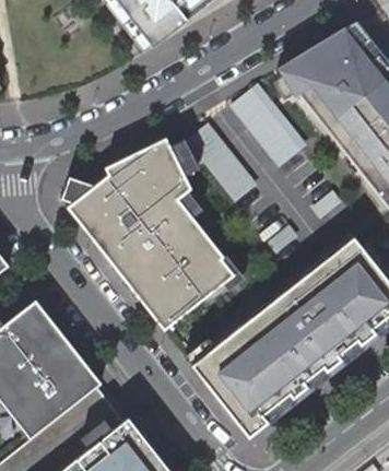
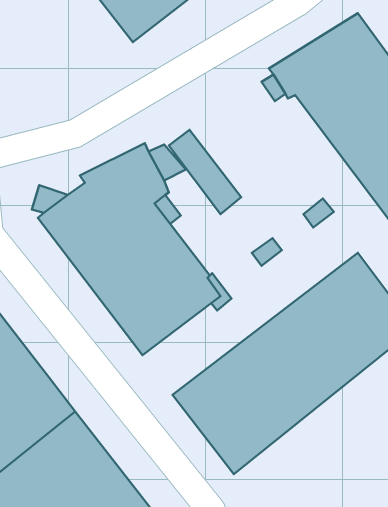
building: [233,90,299,167] -> none

